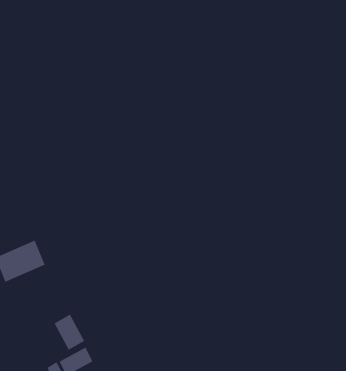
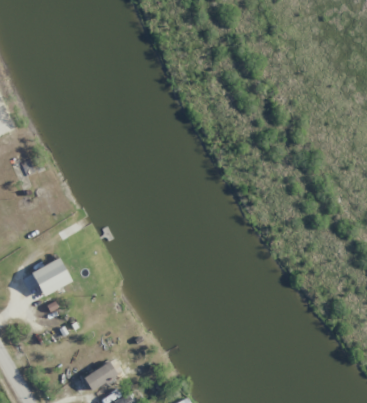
building: [54,314,85,351] -> none

